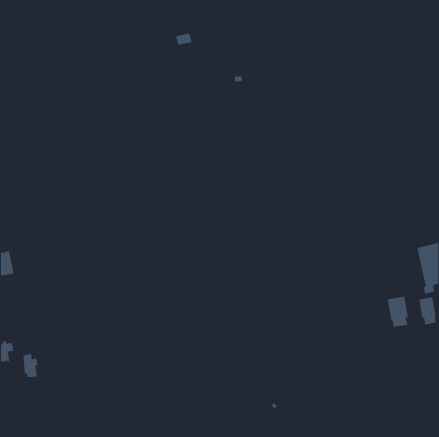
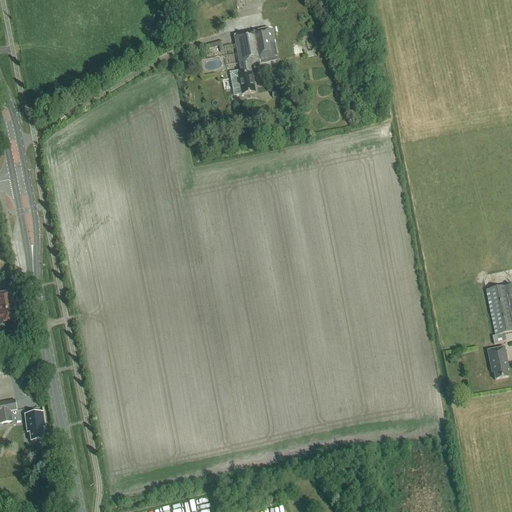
building: none -> [229,27,278,94]
building: [387,296,408,327] -> none

